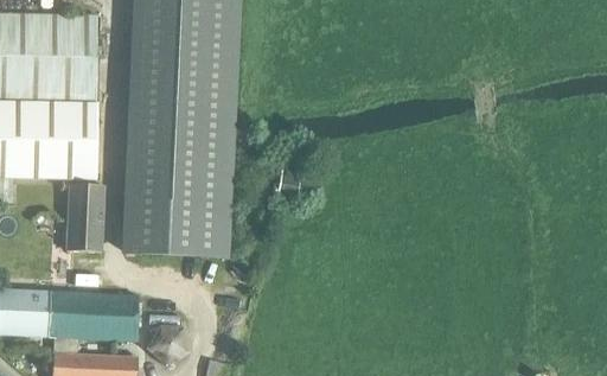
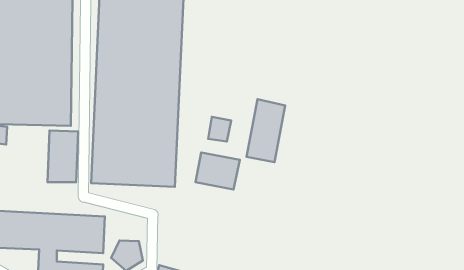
building: none -> [246,99,285,162]
building: none -> [195,152,240,189]

